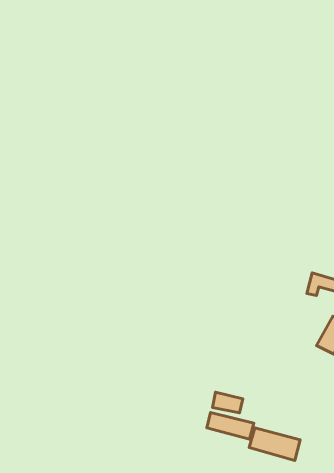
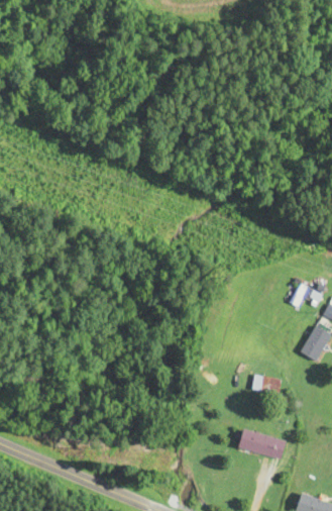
building: [212,392,243,413] -> [252,375,281,394]
building: [207,413,254,439] -> none

